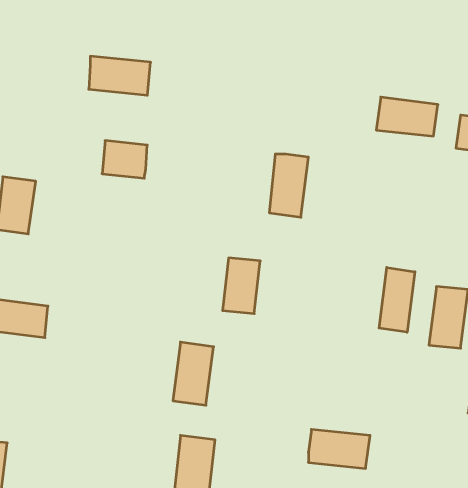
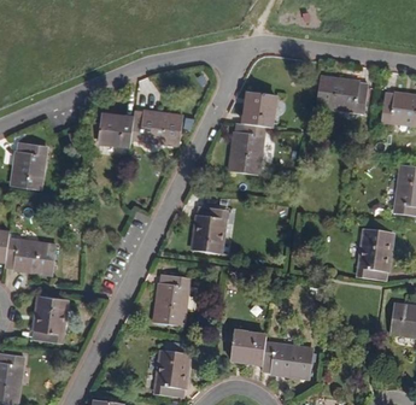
building: [89,56,151,95] -> [133,110,182,141]
building: none -> [245,93,274,128]
building: [379,267,415,332] -> none
building: none -> [34,297,63,340]
building: none -> [232,334,265,363]

